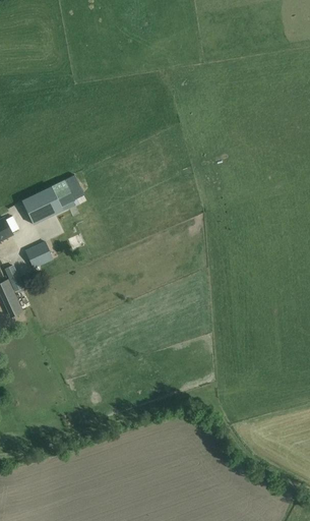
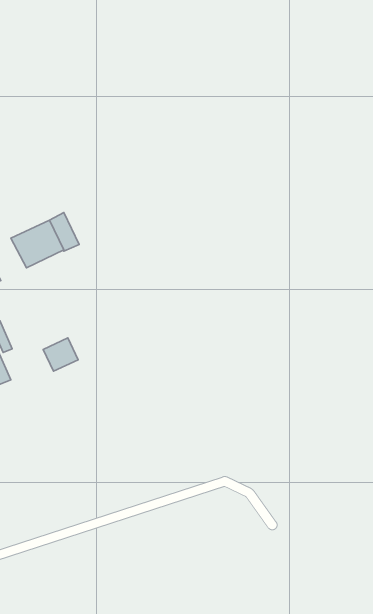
building: [25,241,53,268] -> [43,338,78,371]

